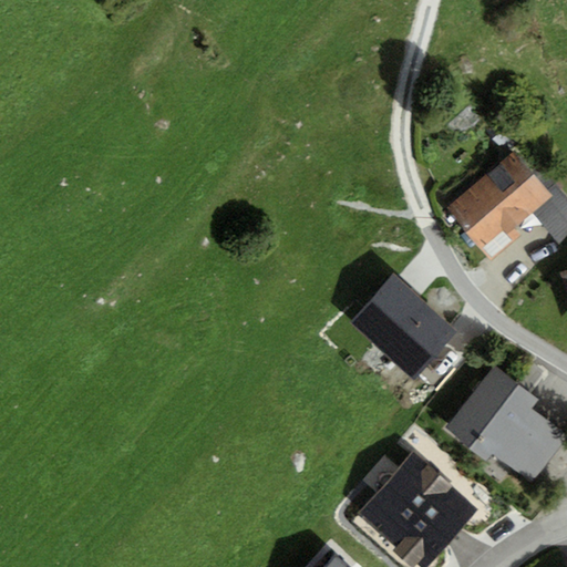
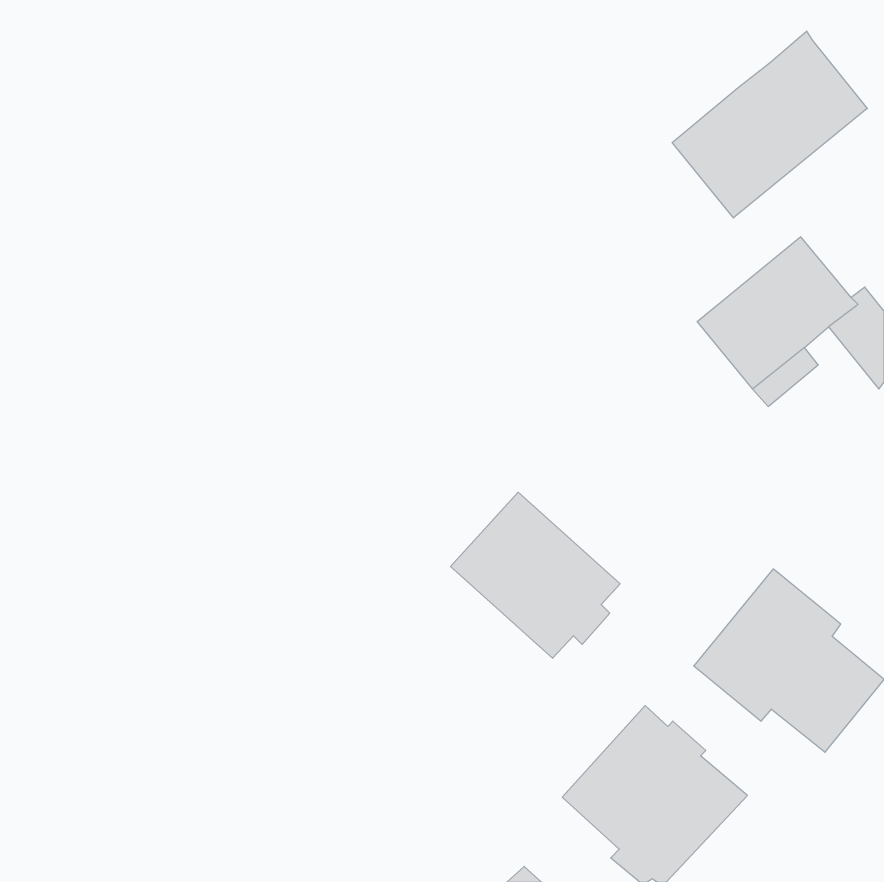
building: none -> [672,31,867,218]
building: [349,272,457,379] -> [451,492,620,658]

